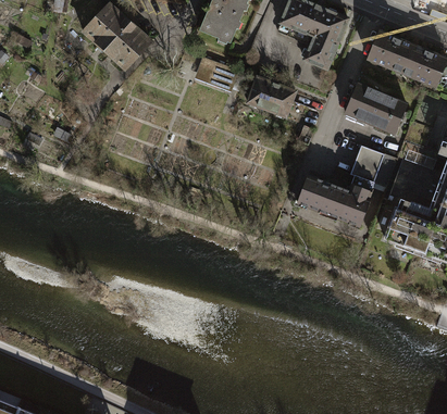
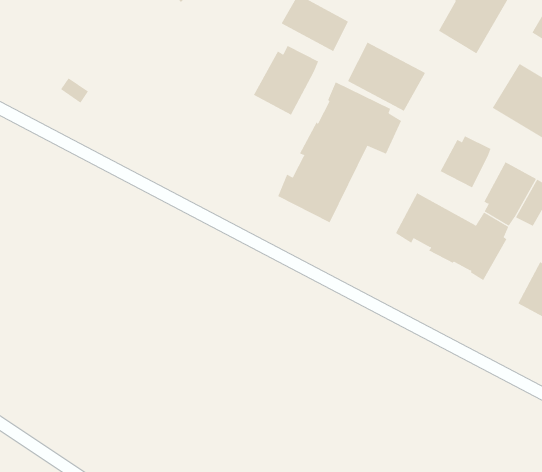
building: none -> [253,45,319,116]
building: none -> [277,82,402,223]
building: none -> [440,135,491,188]

